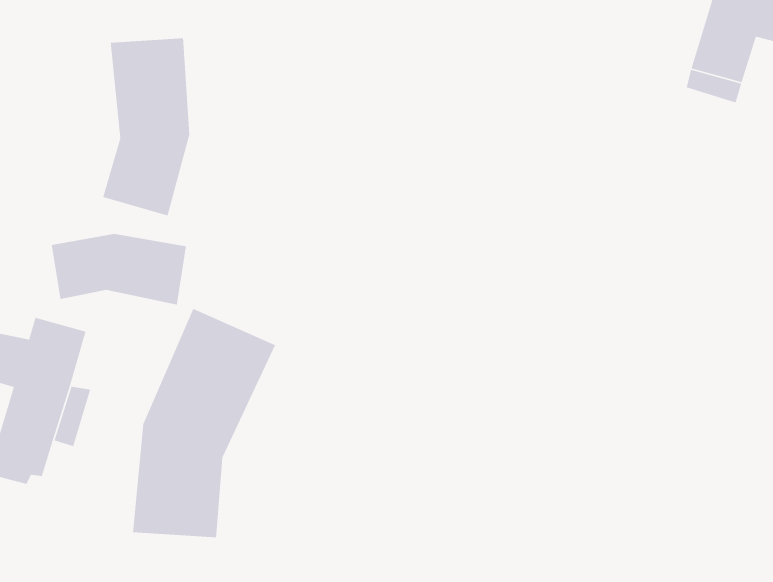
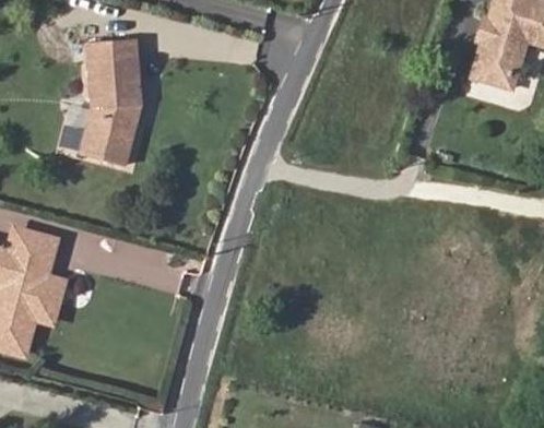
building: [51,233,187,306] -> none
building: [132,308,276,538] -> none

